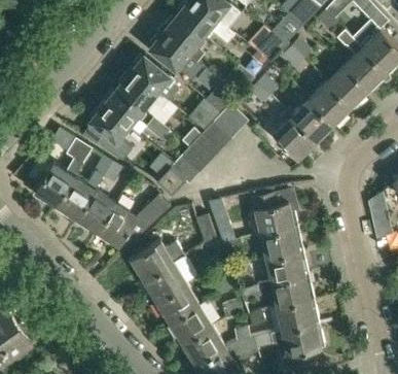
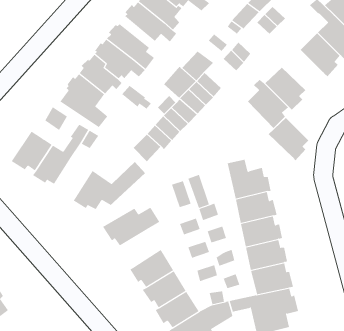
building: [307,80,350,126] -> [268,117,309,162]
building: [75,190,115,231] -> none
building: [140,263,185,302] -> none

